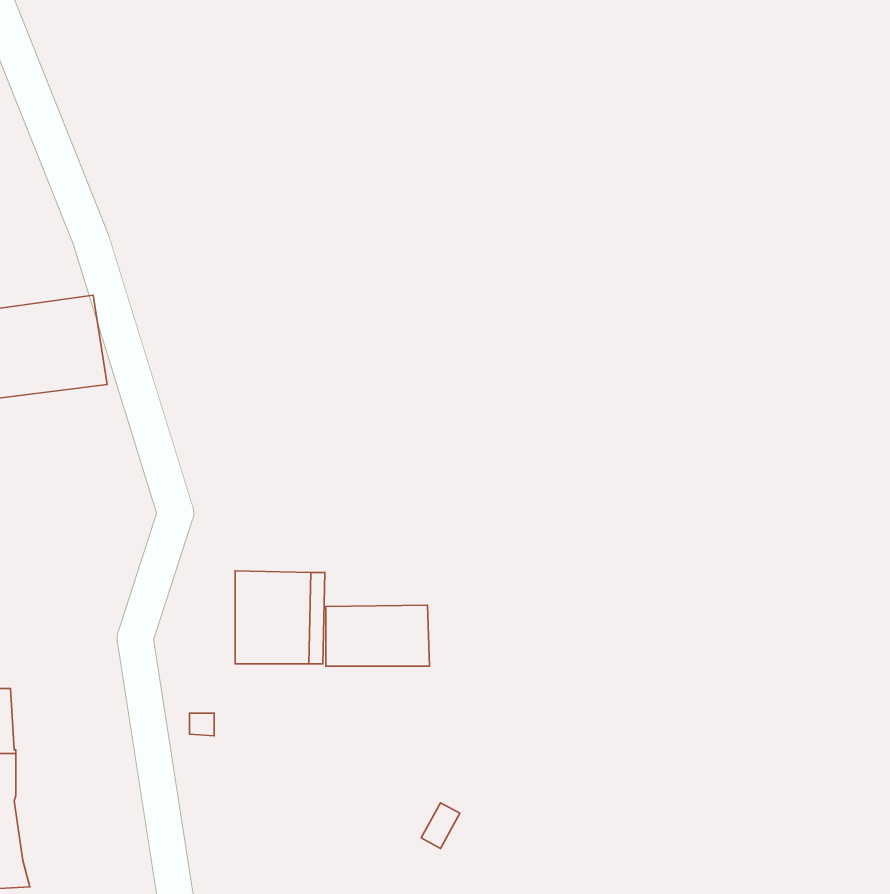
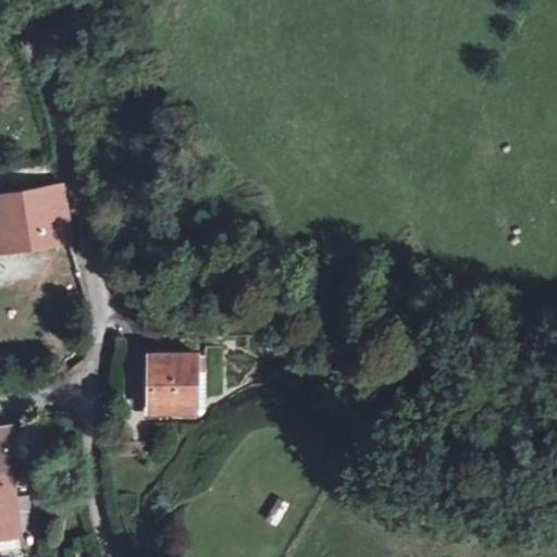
building: [326,605,429,666] -> none

